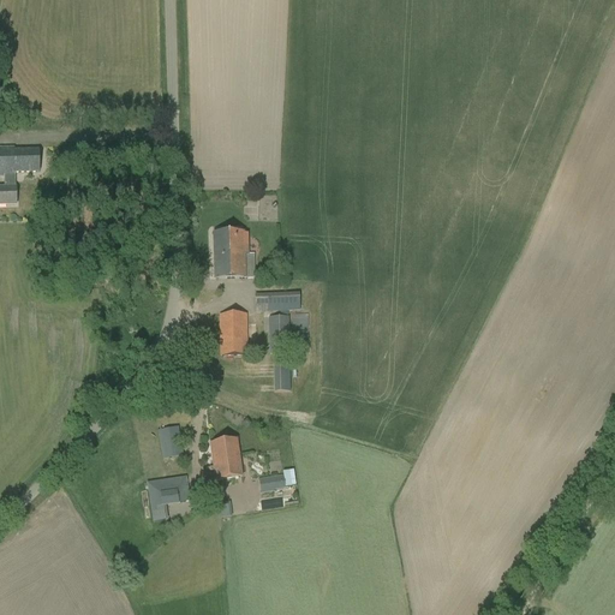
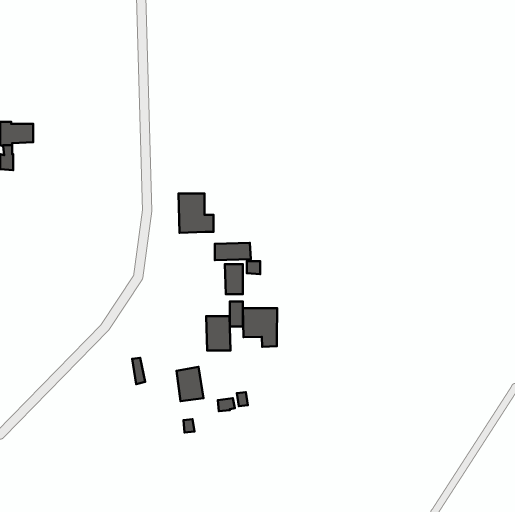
building: [219,312,247,353] -> [206,316,230,351]
building: none -> [243,308,277,347]
building: [147,473,190,519] -> none

